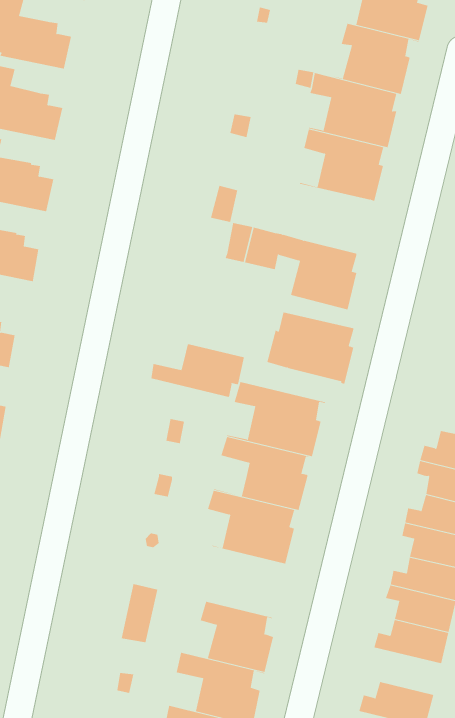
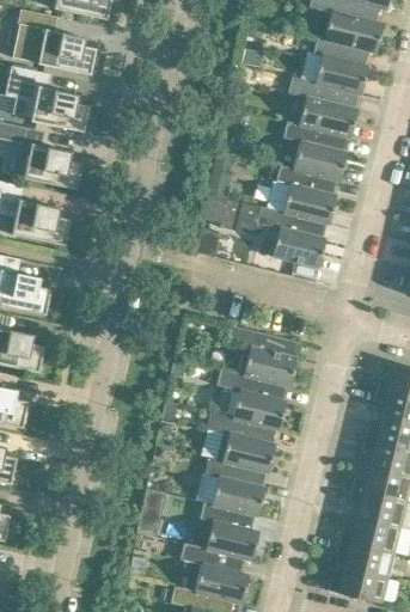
building: [266,312,354,384] -> [265,166,336,225]
building: [151,337,244,399] -> none
building: none -> [203,458,268,515]
building: none -> [336,539,393,577]

